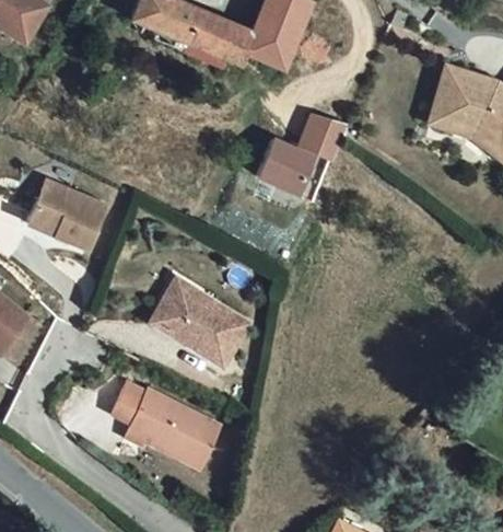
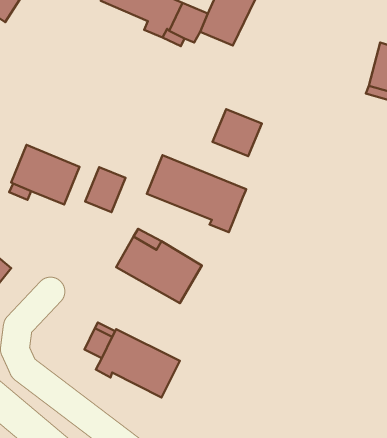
building: [299,115,347,160] -> none
building: none -> [147,155,246,232]
building: none -> [85,167,126,212]

